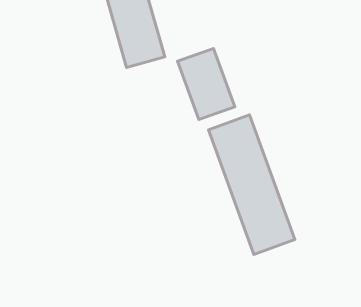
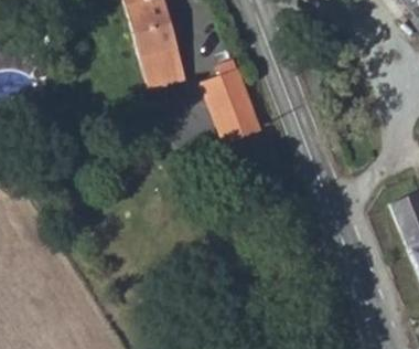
building: [209,115,295,254] -> none

